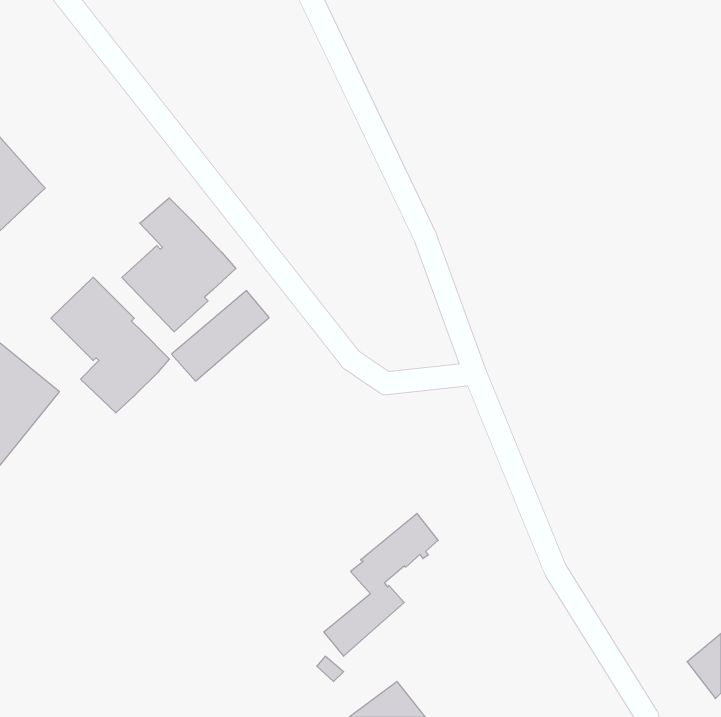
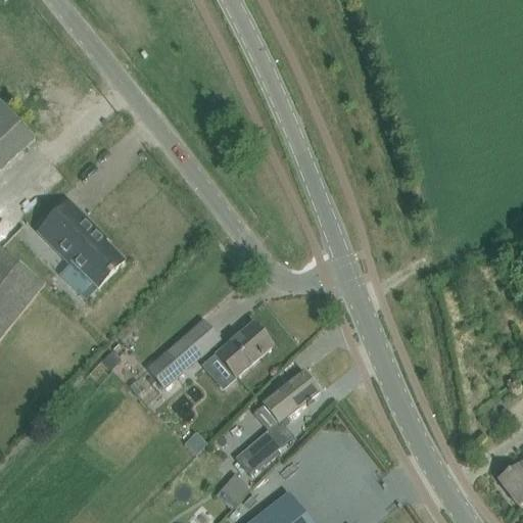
building: [122,198,236,332] -> none
building: [172,291,269,381] -> [148,320,219,385]
building: none -> [203,322,272,386]

